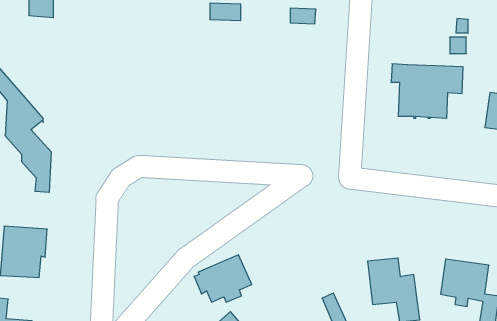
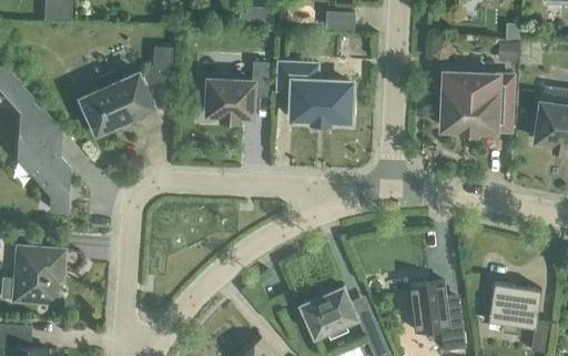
building: none -> [81,48,172,133]
building: none -> [276,62,351,121]
building: none -> [201,63,267,122]
building: [194,255,252,302] -> [295,286,357,337]

